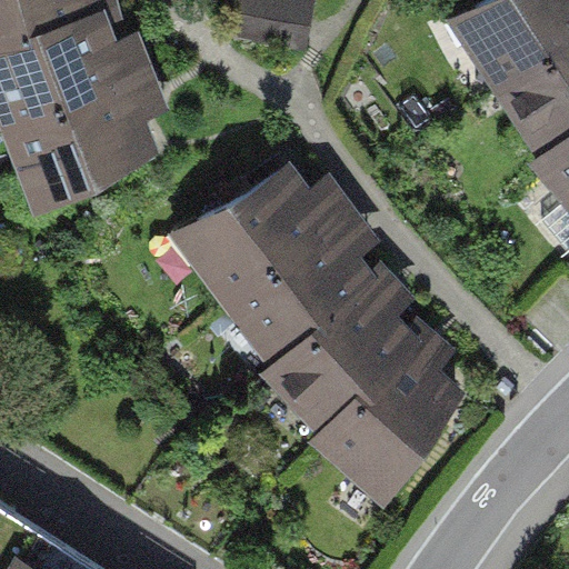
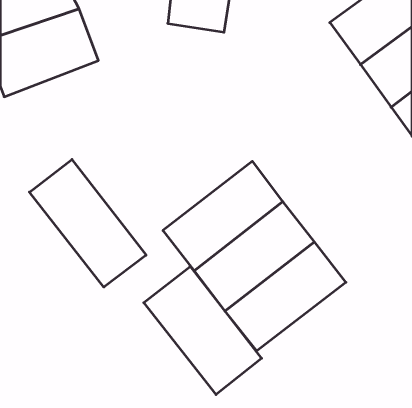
building: [6,83,163,203] -> none
building: [181,168,348,318] -> none
building: none -> [29,159,146,287]
building: none -> [144,266,262,395]

